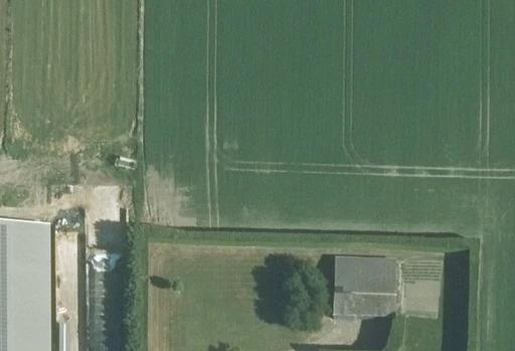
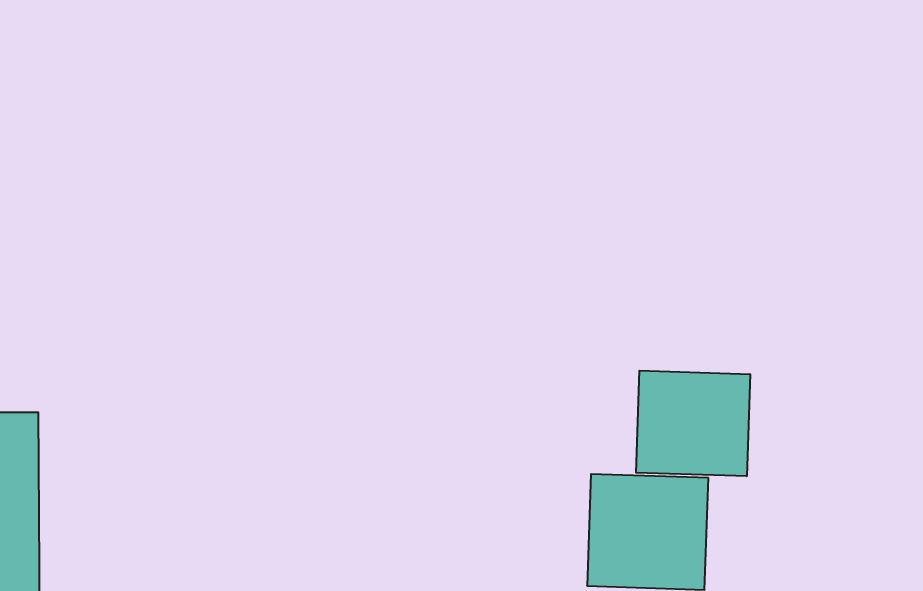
building: none -> [636,371,750,476]

